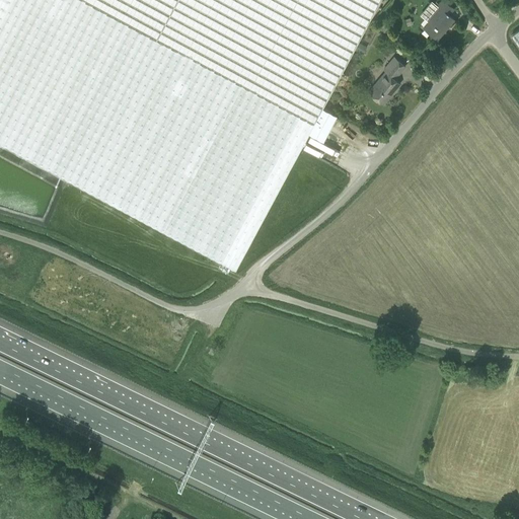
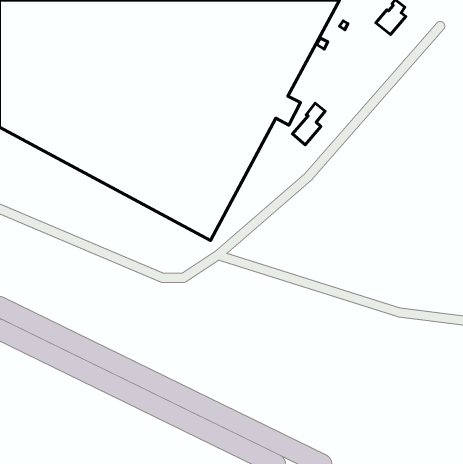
building: [368,57,404,103] -> [293,103,325,145]

